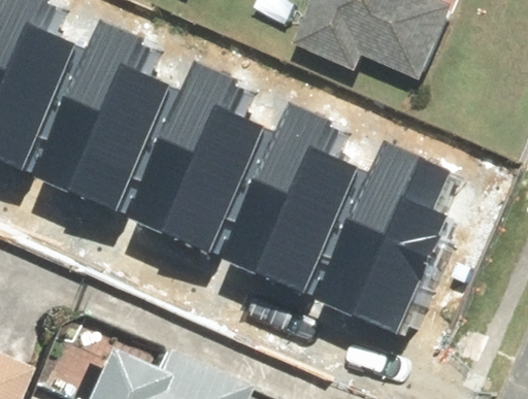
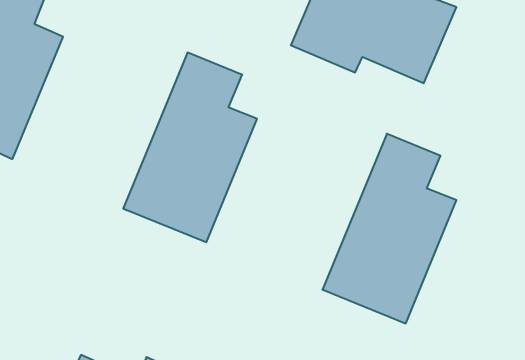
building: [30,19,160,204] -> none
building: [222,99,353,285] -> none

